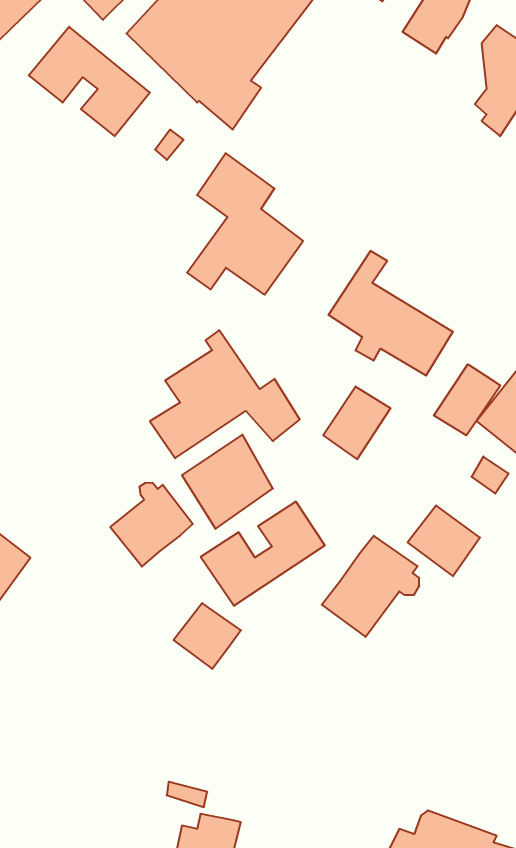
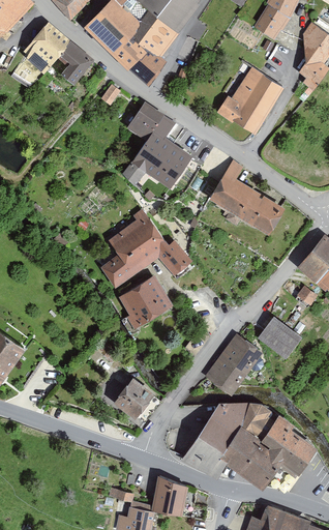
building: none -> [216,65,285,134]
building: [434,364,500,435] -> none
building: [323,386,391,459] -> none
building: [110,483,193,567] -> none
building: [201,501,325,606] -> none
building: none -> [181,401,316,491]
building: none -> [150,474,187,516]

